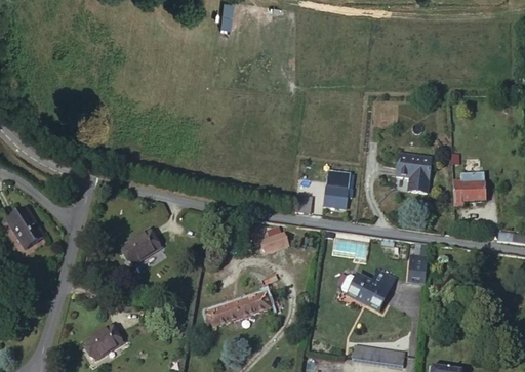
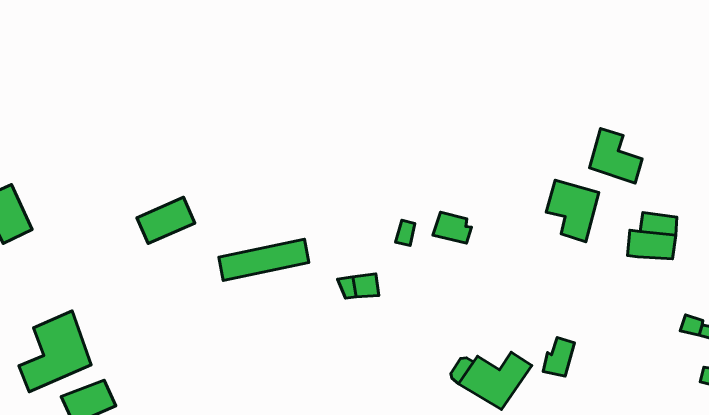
building: none -> [589,128,642,183]
building: [117,235,157,270] -> [137,197,195,244]
building: none -> [19,311,91,392]
building: [207,290,269,326] -> [219,239,309,280]

